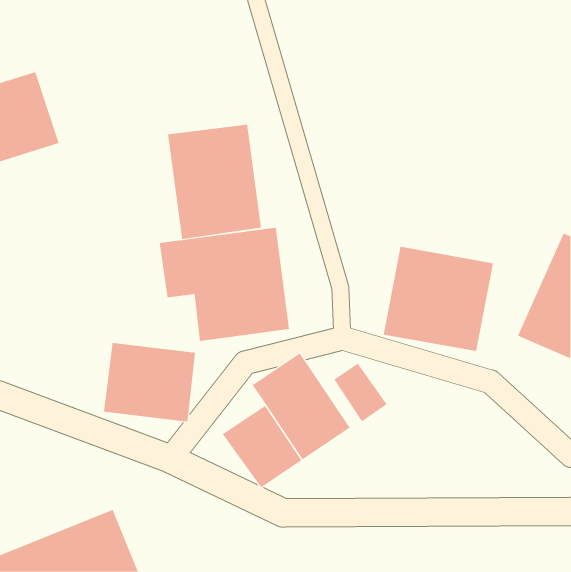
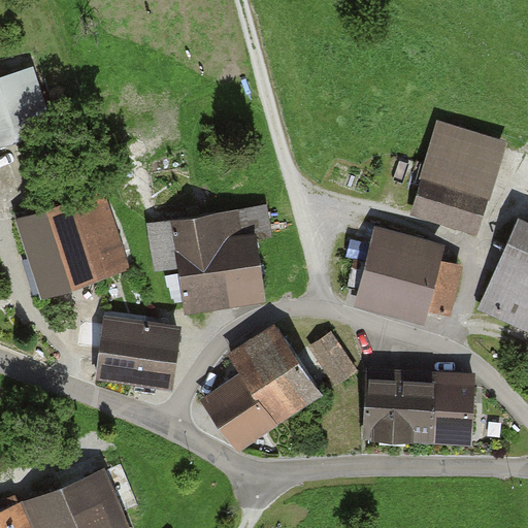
building: [168,124,262,240] -> none
building: none -> [409,120,506,234]
building: none -> [15,190,129,298]
building: none -> [366,376,473,447]

